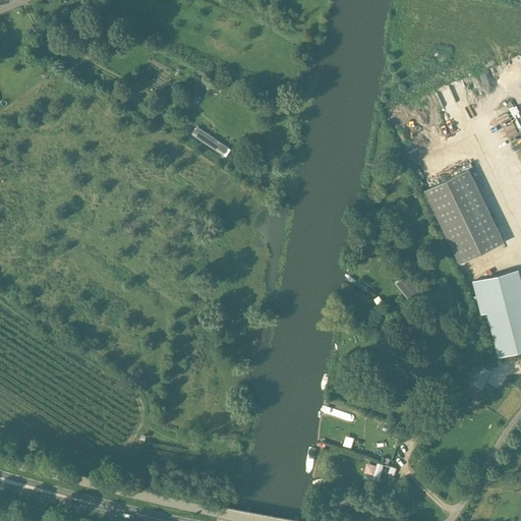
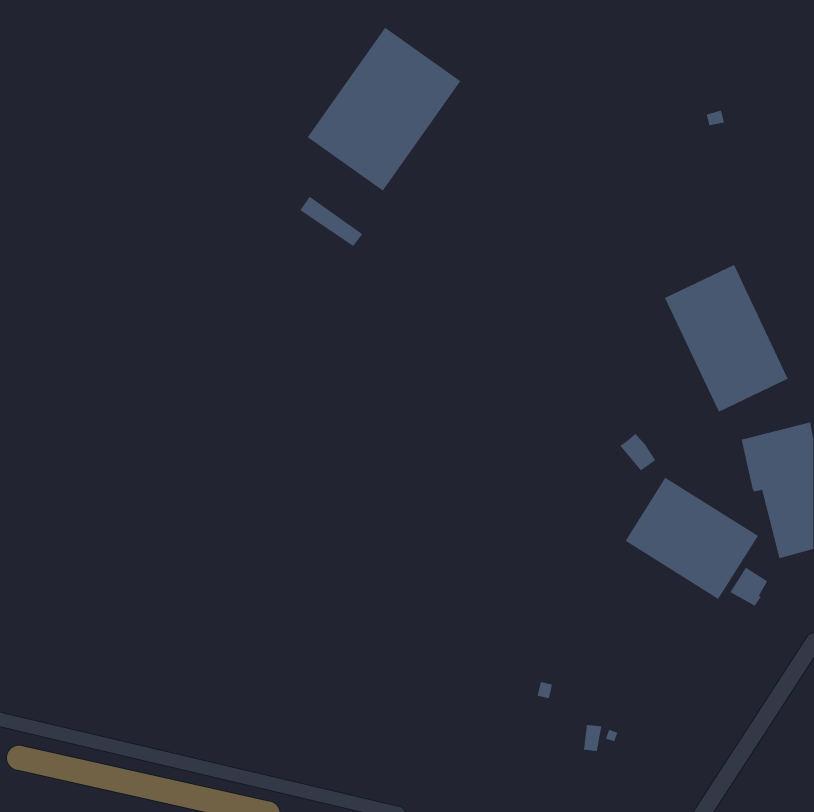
building: none -> [307,27,461,192]
building: none -> [625,477,759,600]

